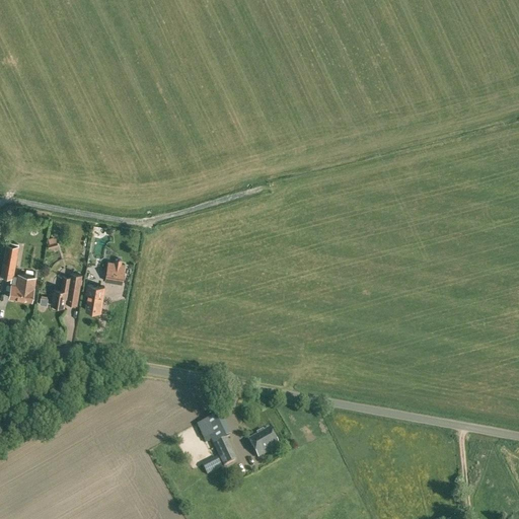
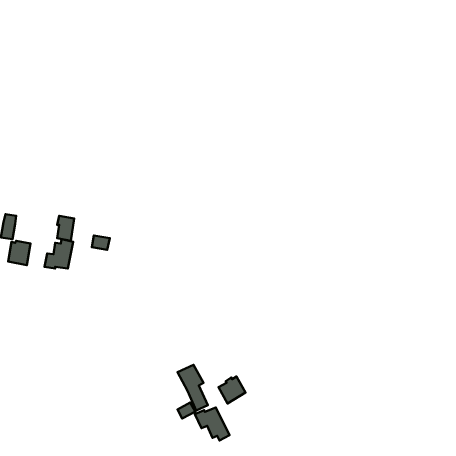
building: [85,284,104,312] -> [57,216,74,241]
building: none -> [195,407,230,441]

